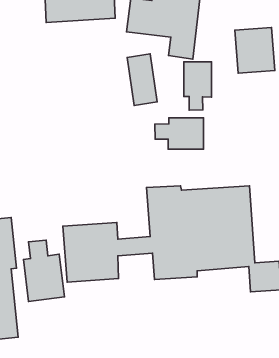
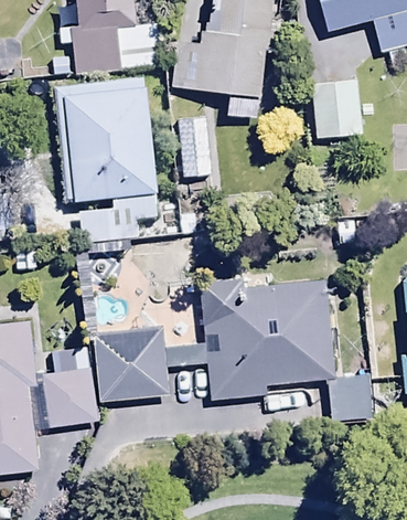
building: none -> [54,76,159,203]
building: [184,62,211,110] -> none
building: [155,118,203,149] -> none

